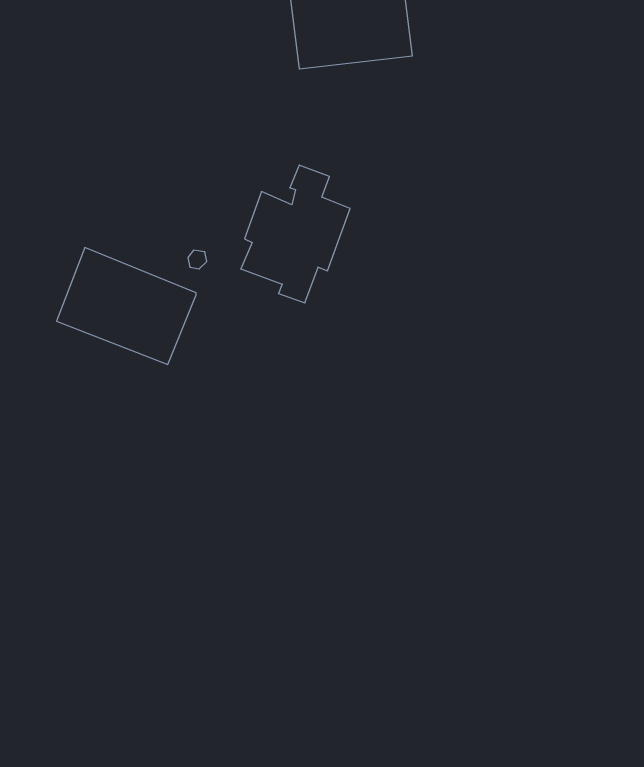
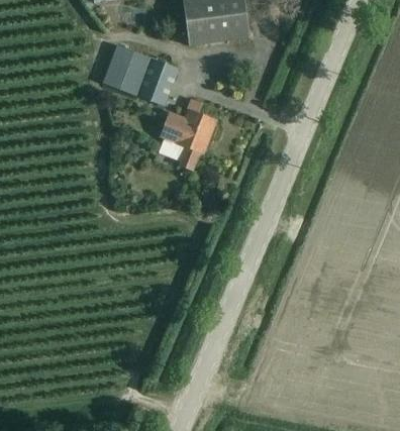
building: [57,248,196,365] -> [103,42,178,105]

